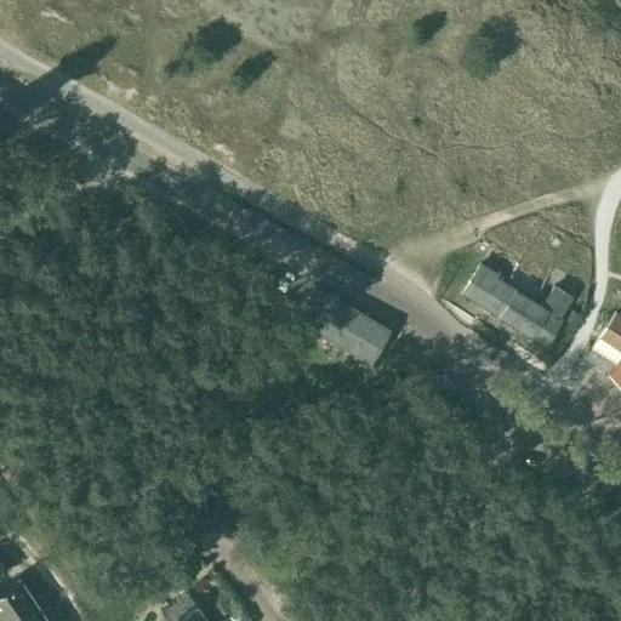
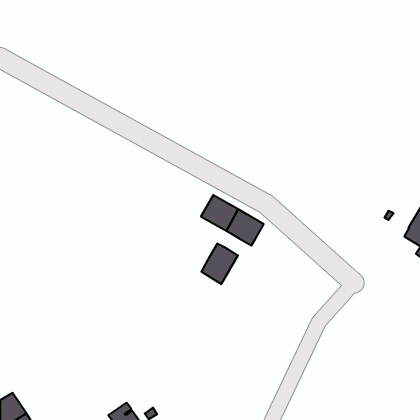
building: [465,267,574,346] -> none
building: none -> [201,243,238,284]

